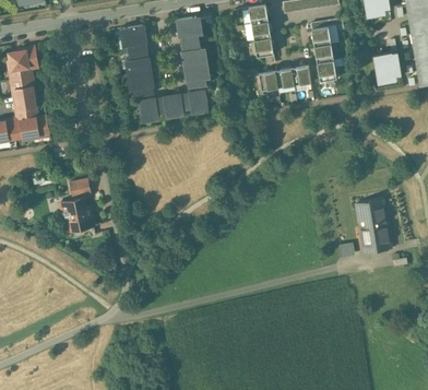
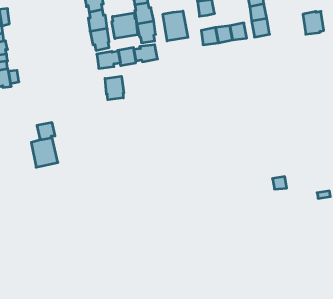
building: none -> [163,11,188,41]
building: none -> [112,13,138,39]
building: none -> [105,76,124,100]
building: [355,199,390,251] -> none

